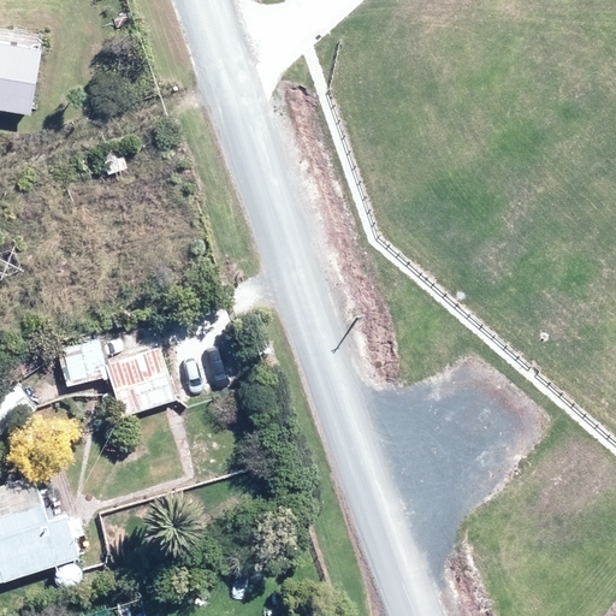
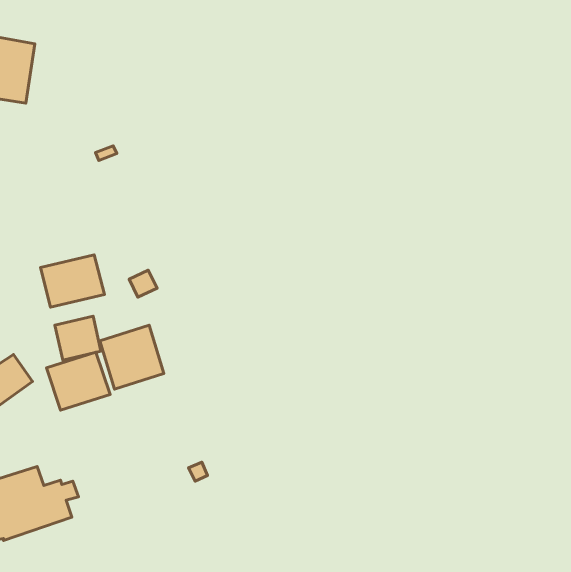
building: none -> [41,255,104,307]
building: none -> [46,352,110,410]

